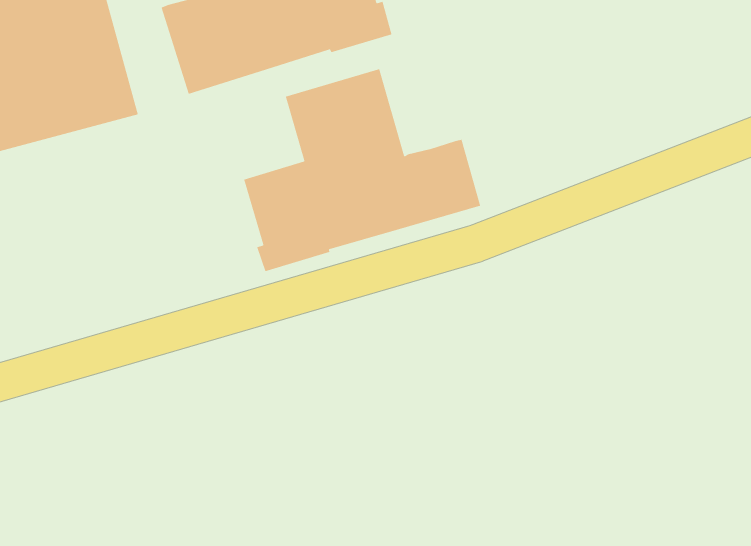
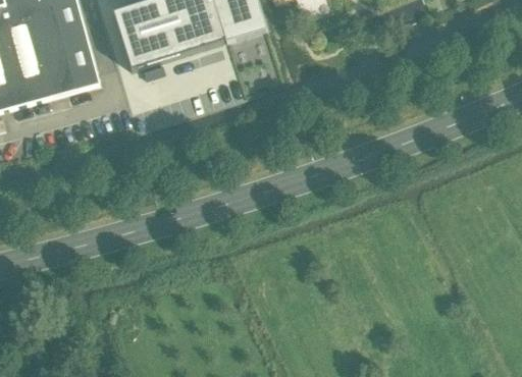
building: [243,68,481,272] -> none

